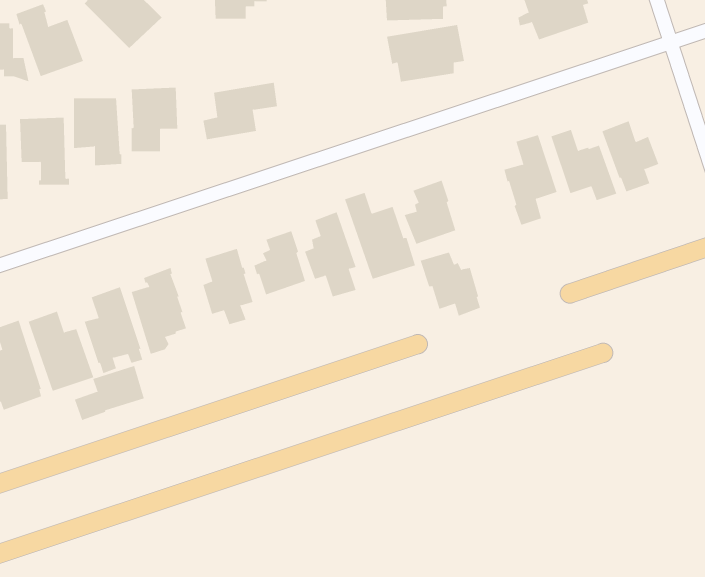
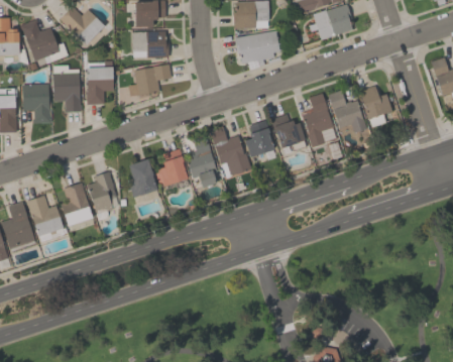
building: none -> [133,30,168,57]
building: [420,252,481,316] -> [270,114,306,151]
building: [74,365,144,421] -> none

